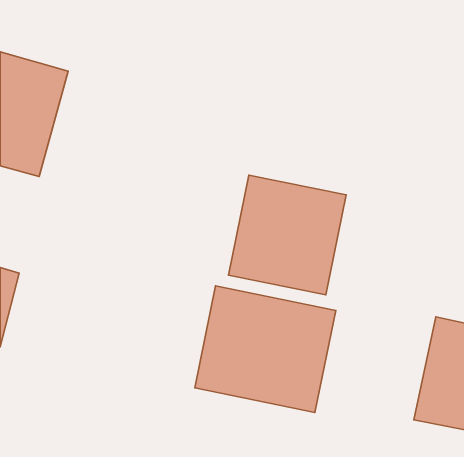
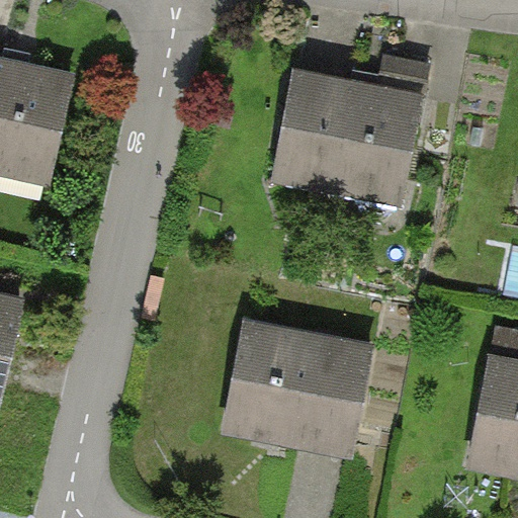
building: none -> [267,64,427,214]
building: [228,175,346,295] -> none

